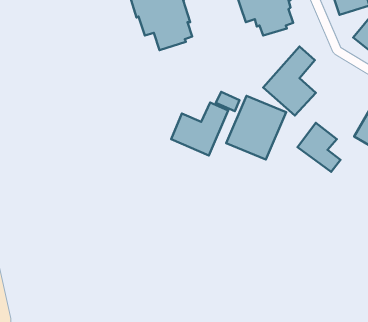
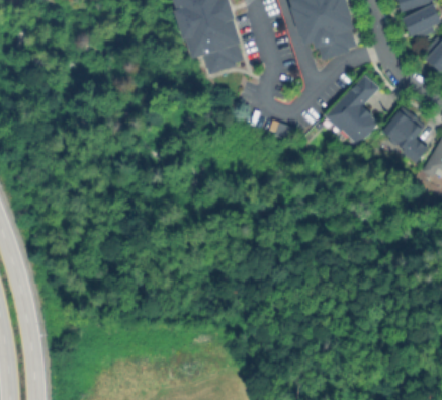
building: [226,96,286,160] -> none
building: [171,103,228,155] -> none
building: [298,123,340,172] -> [382,105,430,160]

